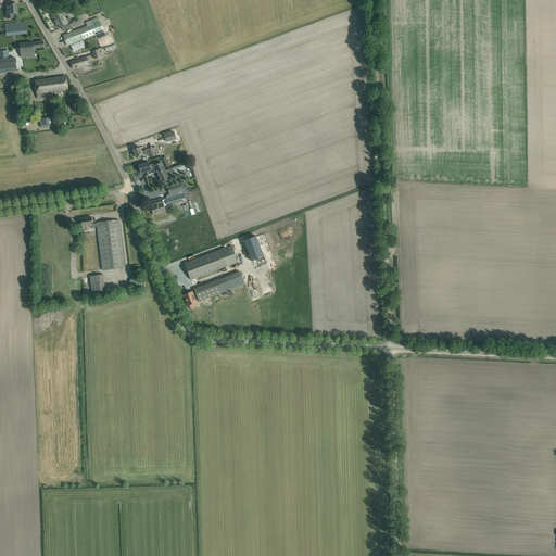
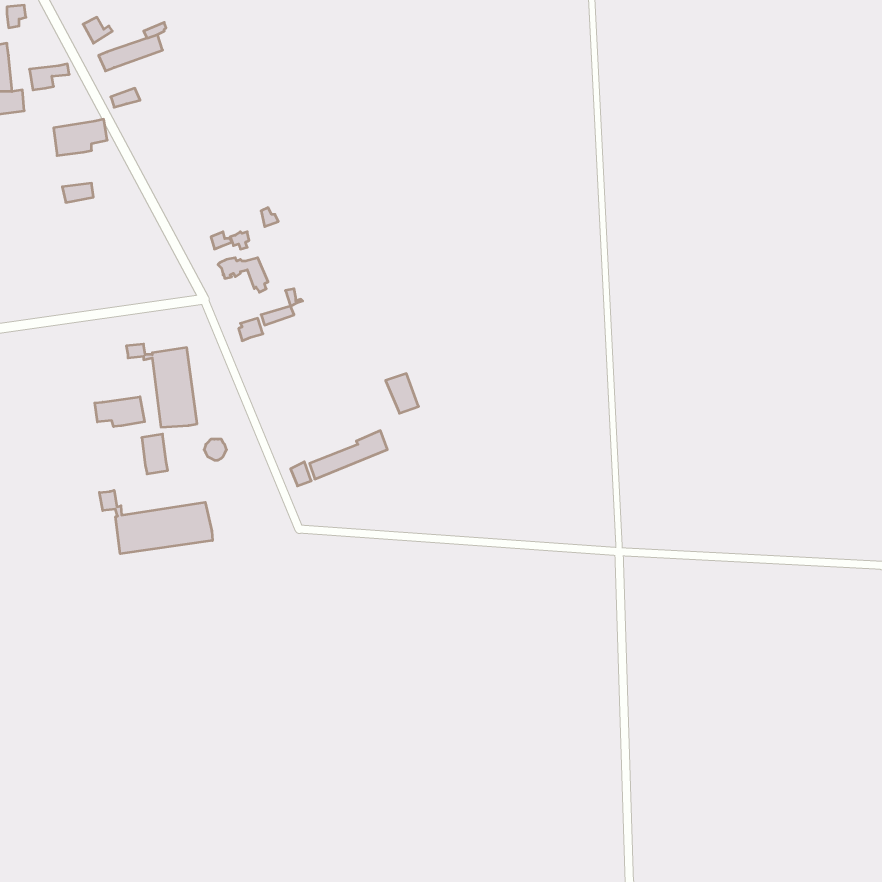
building: [184,244,237,279] -> none
building: none -> [95,397,145,427]
building: none -> [99,490,212,554]

